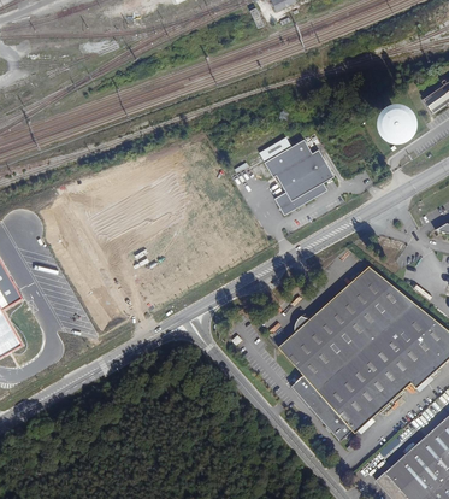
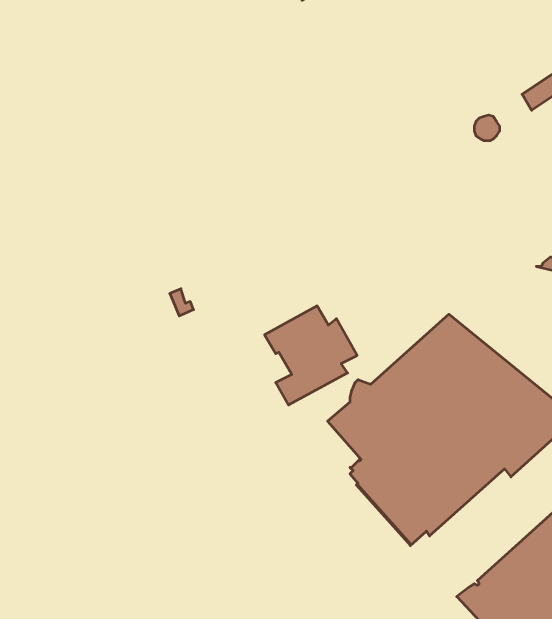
building: [265,140,335,215] -> [265,306,357,405]

